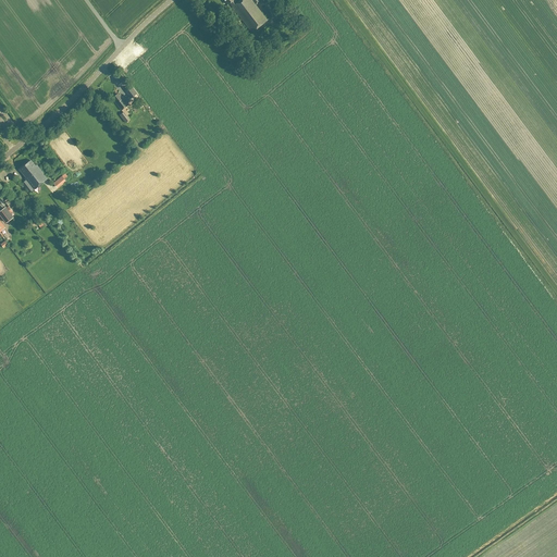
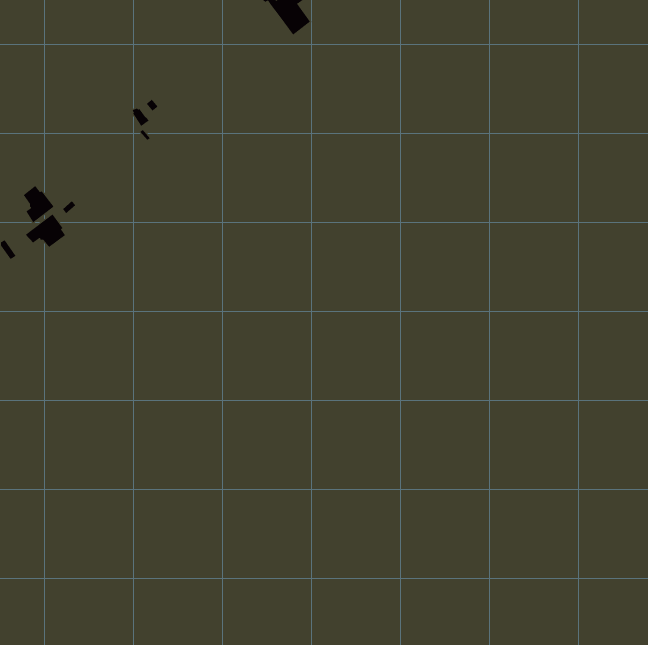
building: none -> [25,214,66,248]

